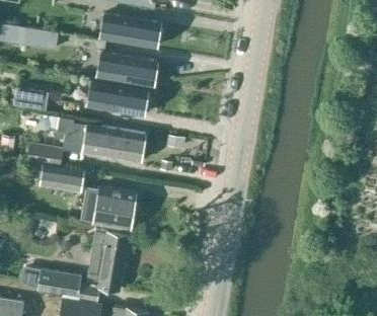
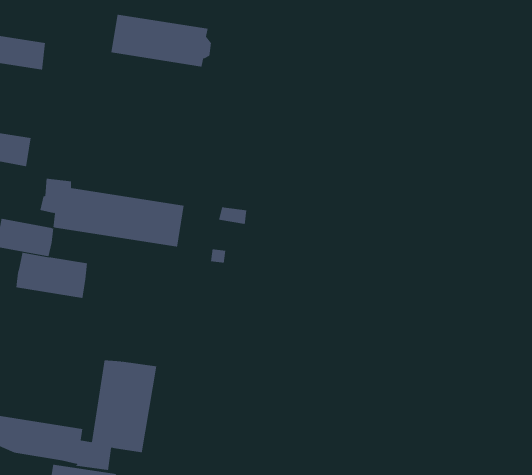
building: [92,52,157,86] -> none
building: [87,82,151,115] -> none
building: [81,187,136,230] -> none

